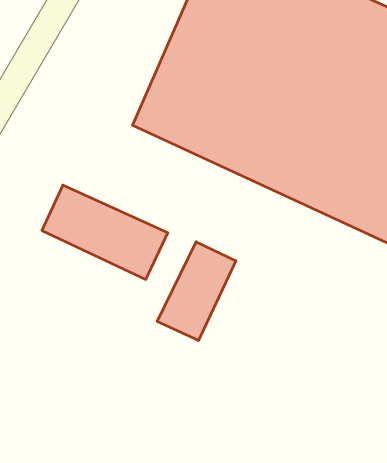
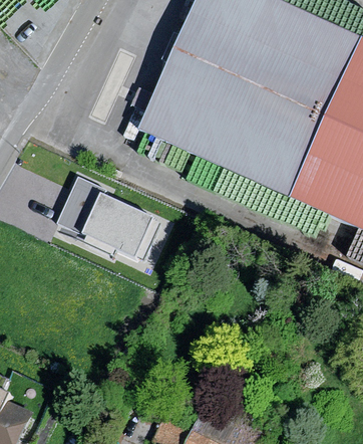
building: [157,242,236,341] -> none

